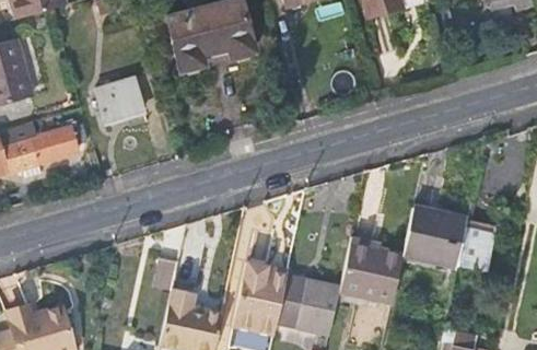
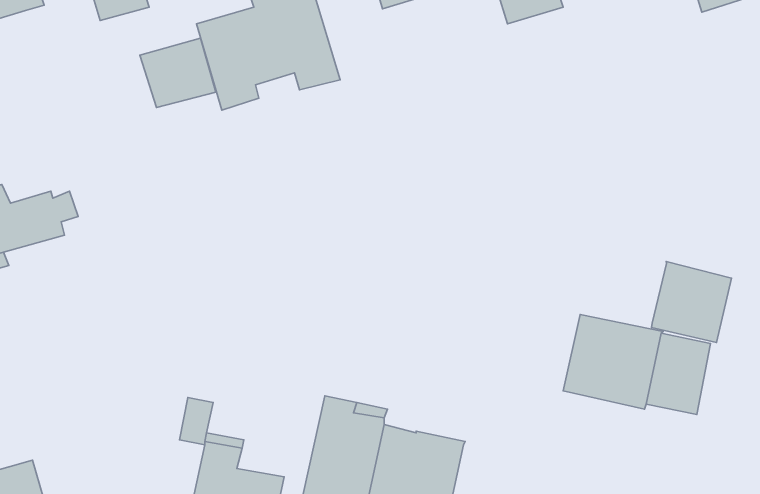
building: [95,78,144,122] -> [140,38,216,107]
building: none -> [651,261,732,342]
building: [338,244,402,302] -> none

